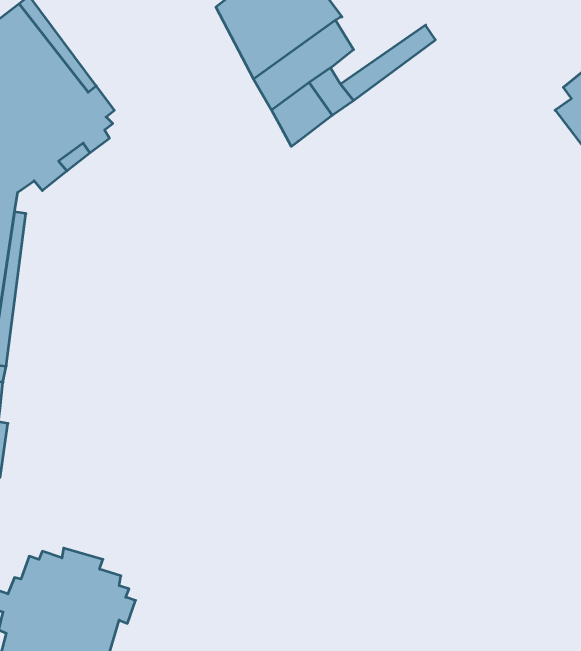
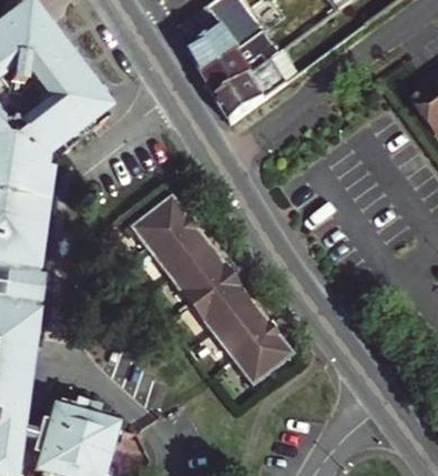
building: none -> [133,193,299,385]

